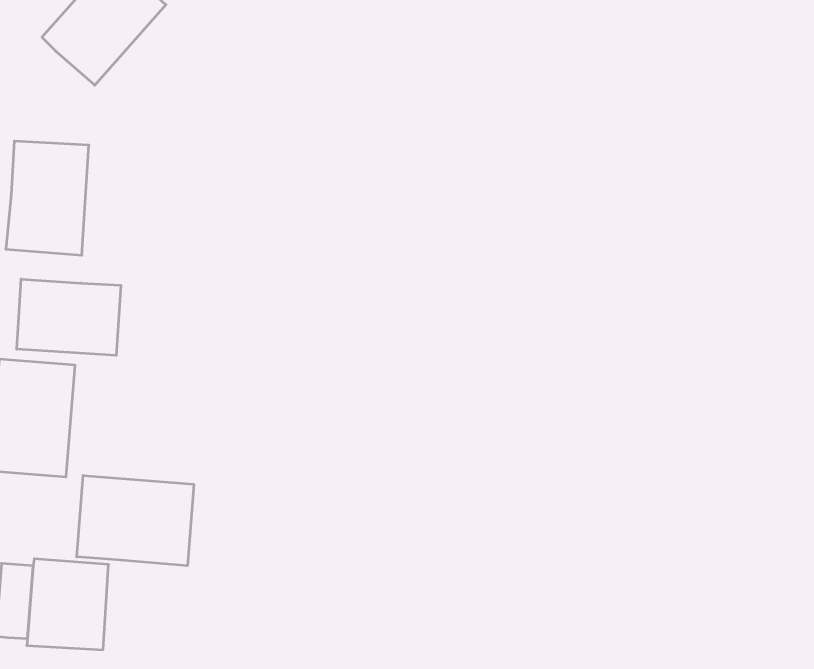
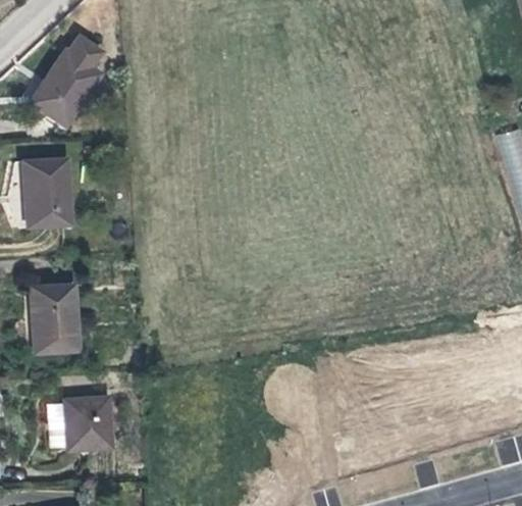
building: [17,279,121,355] -> none
building: [77,475,194,566] -> none

